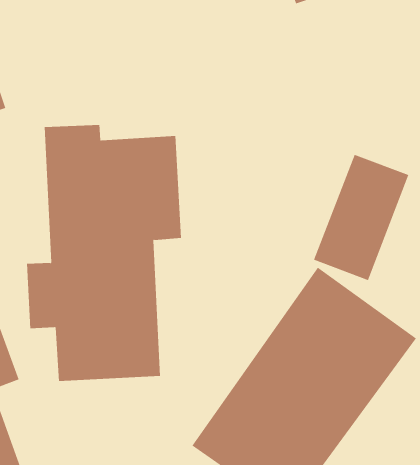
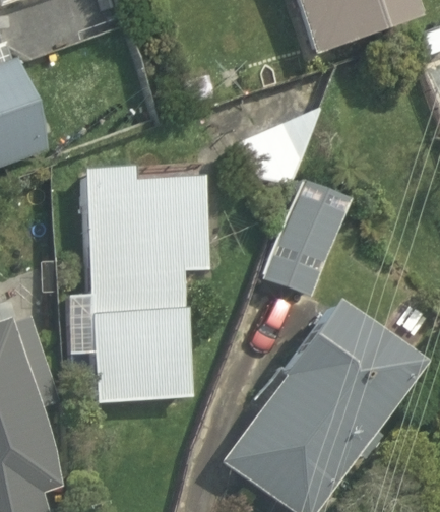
building: [313,154,409,281] -> [259,180,348,297]

